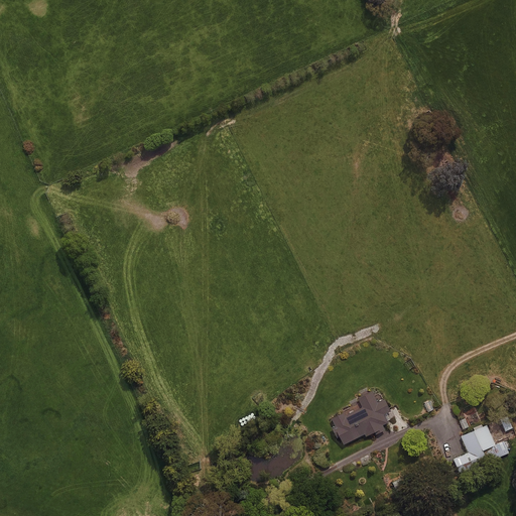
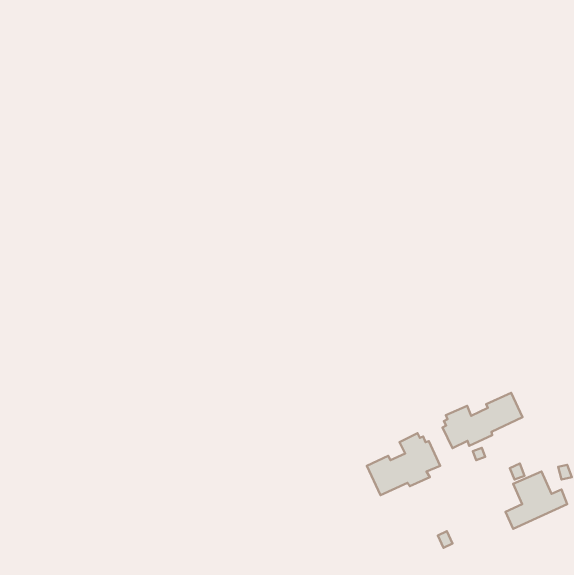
building: none -> [443,393,522,448]

